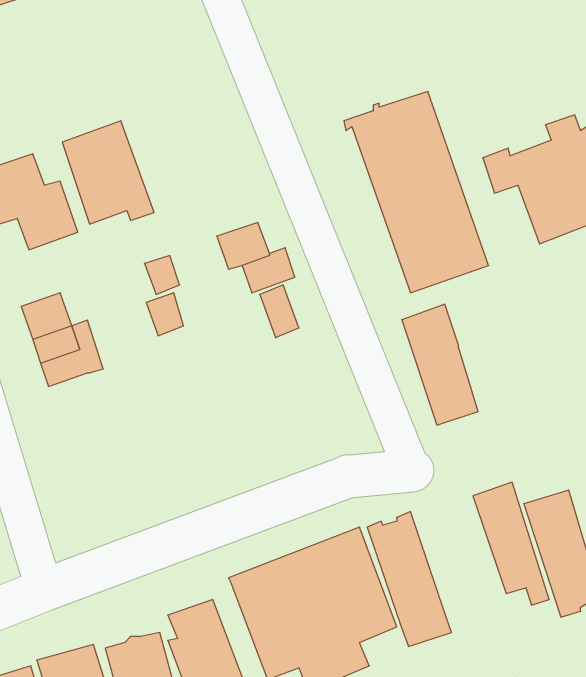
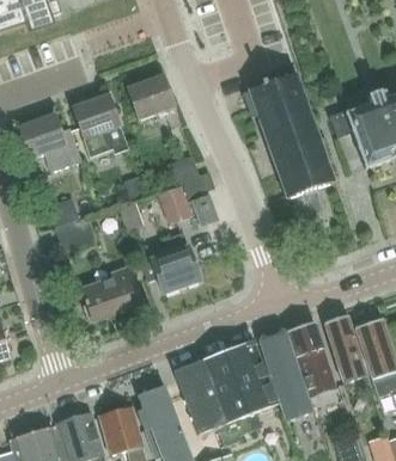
building: none -> [127,74,179,127]
building: none -> [157,184,193,225]
building: [402,304,478,425] -> [287,320,334,394]
building: none -> [142,232,200,291]
building: none -> [79,266,139,321]

